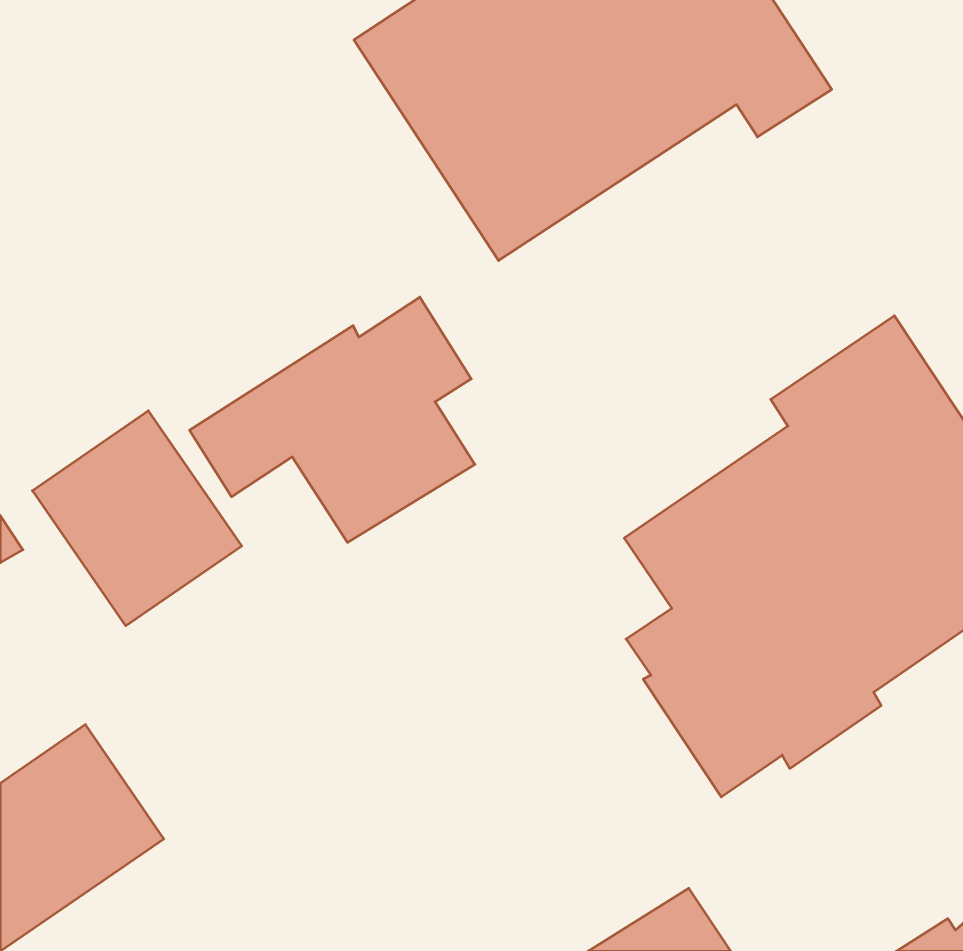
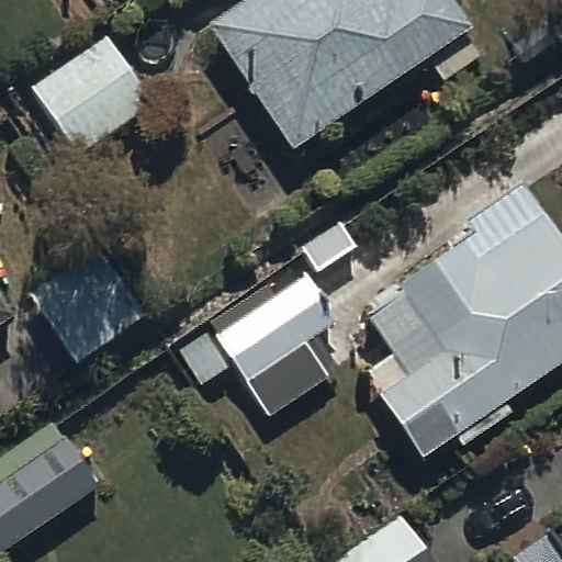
building: none -> [29,31,151,153]
building: [190,297,475,542] -> [178,271,342,413]

